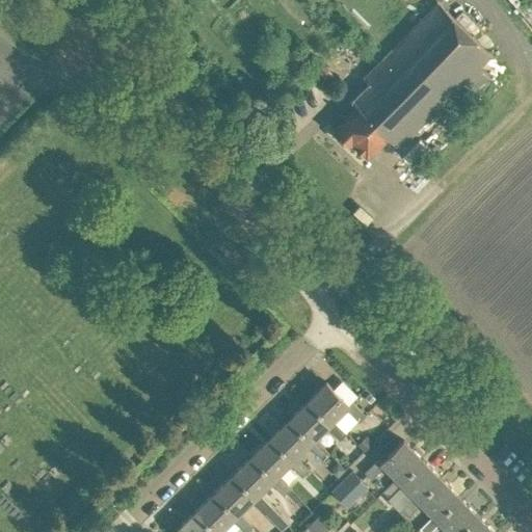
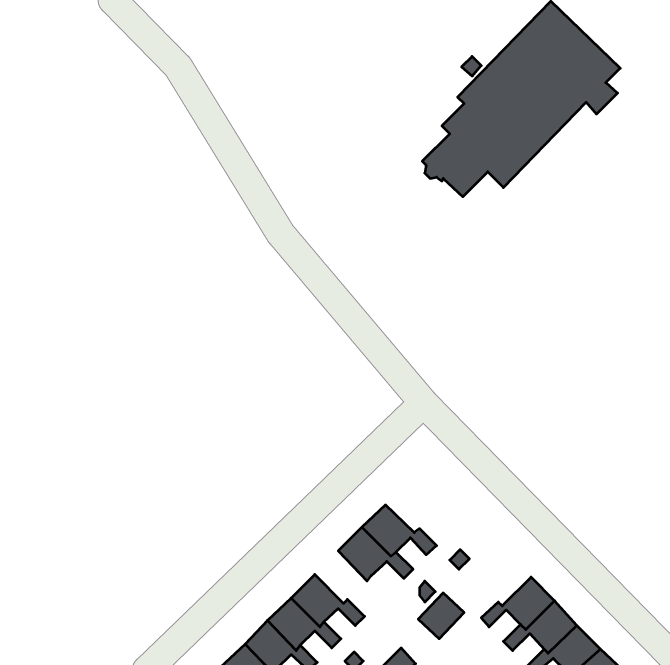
building: [305,385,365,426] -> none
building: [249,441,308,482] -> none
building: [363,443,421,484] -> none

